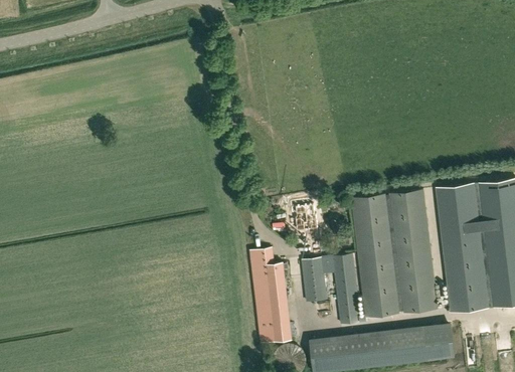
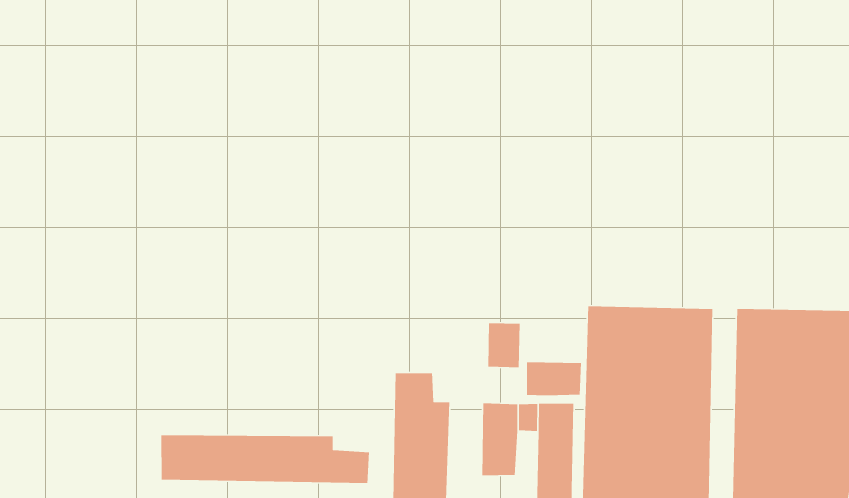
building: none -> [526,362,582,396]
building: none -> [160,434,370,484]

